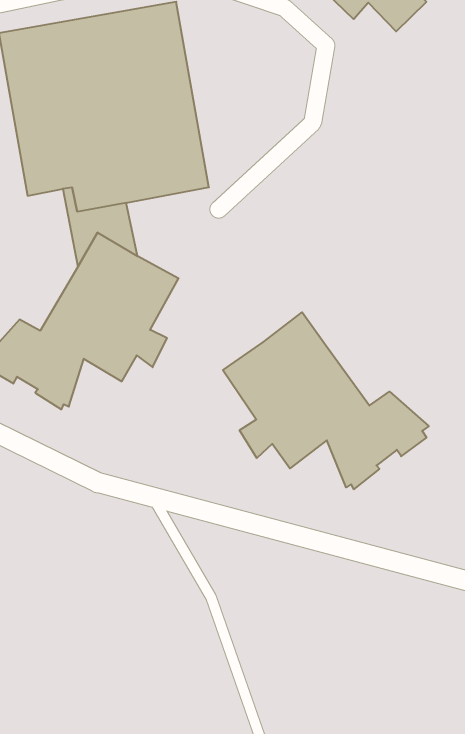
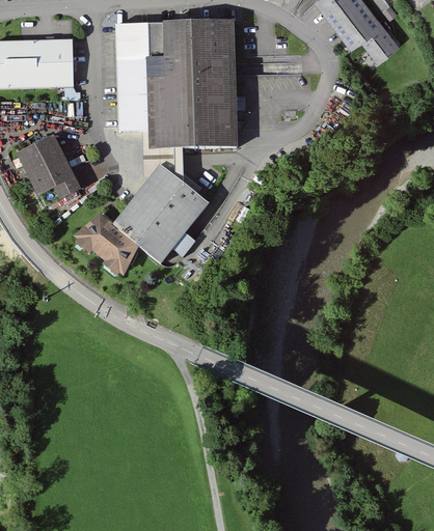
building: [223,312,429,489] -> none

